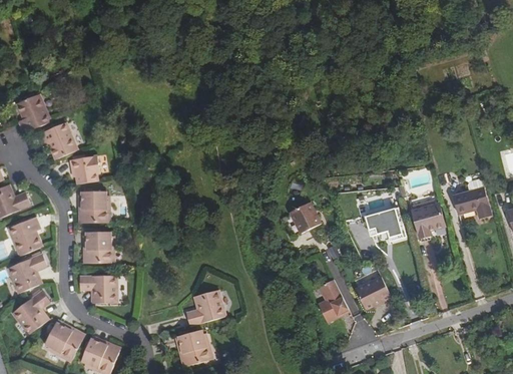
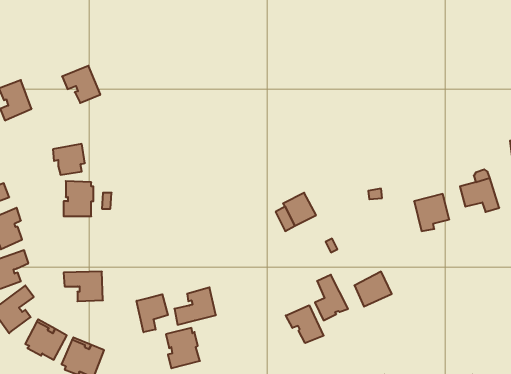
building: [40,123,76,158] -> [62,66,100,103]
building: [365,208,404,236] -> none
building: [83,230,112,263] -> none
building: none -> [137,294,168,332]
building: none -> [286,305,324,343]

